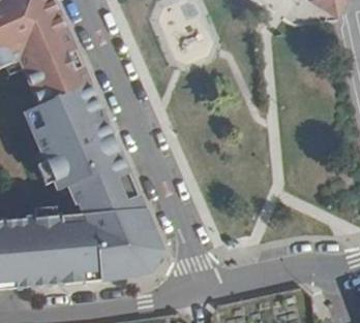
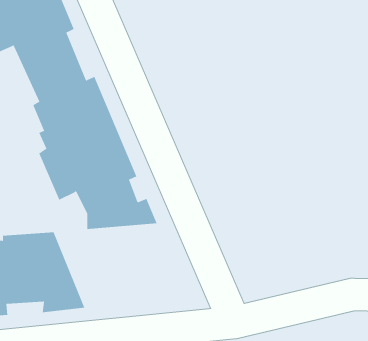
building: [53,208,159,280] -> none

